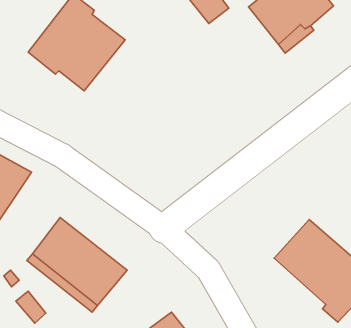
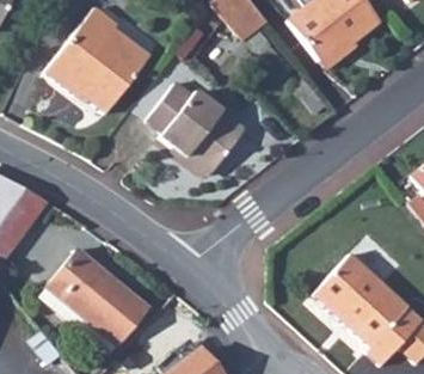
building: none -> [146,82,241,173]

